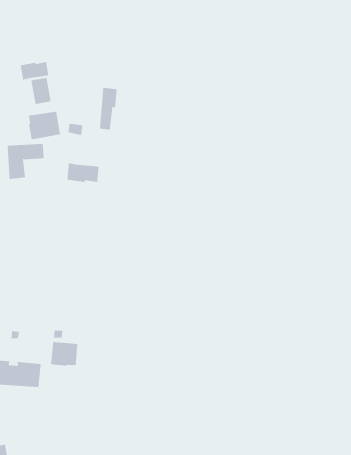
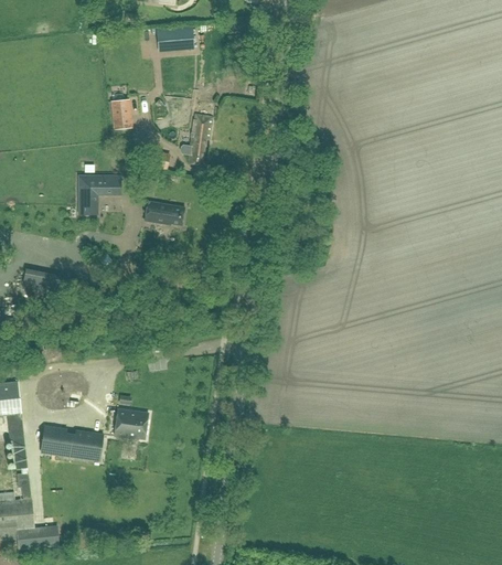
building: none -> [157,29,192,51]
building: [20,61,49,81] -> none
building: [28,111,61,140] -> none

